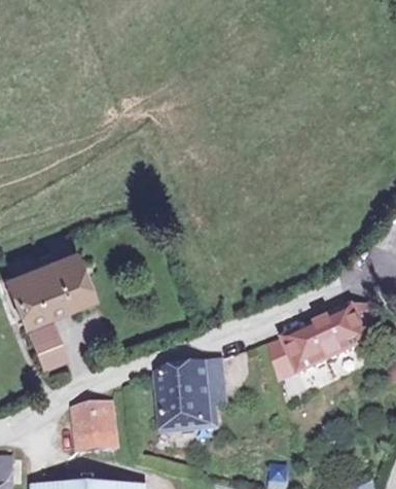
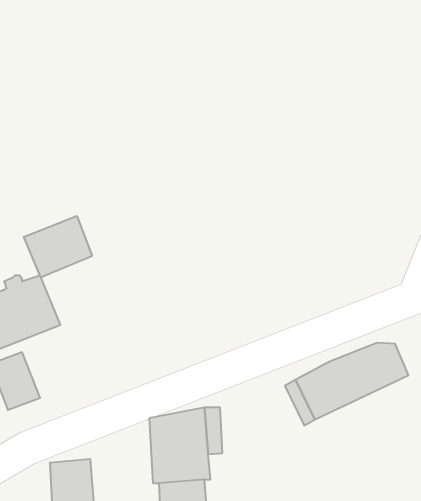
building: none -> [24,216,92,278]

